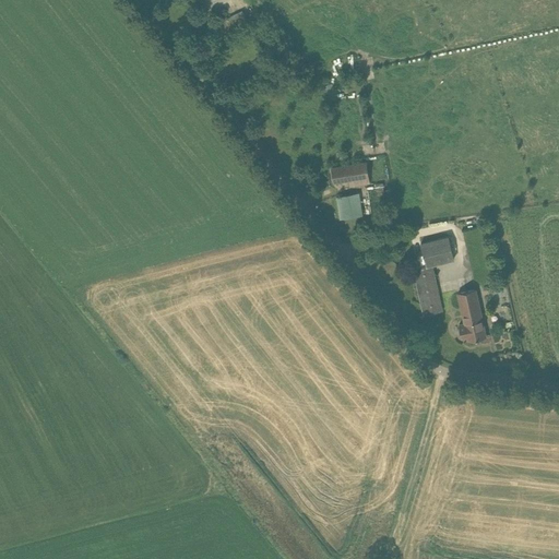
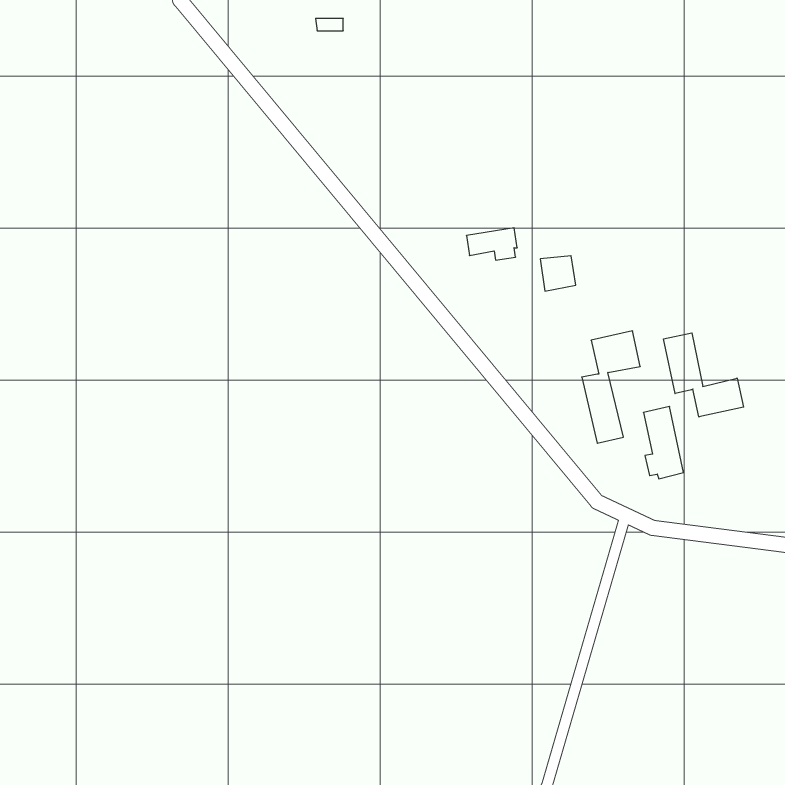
building: [336,194,361,219] -> [540,256,576,291]
building: none -> [664,333,744,417]

